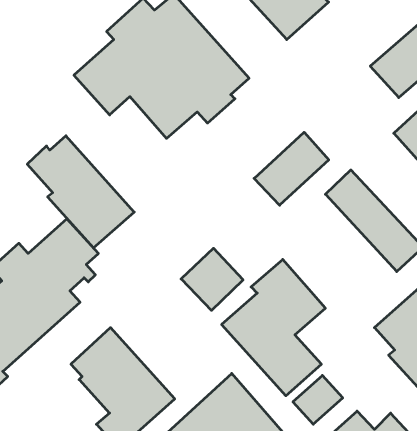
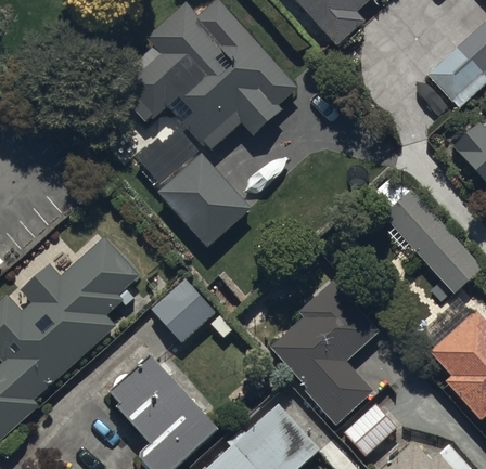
building: [254,132,329,205] -> none
building: [27,136,134,248] -> [137,127,251,246]
building: [181,248,243,310] -> [150,276,216,342]

